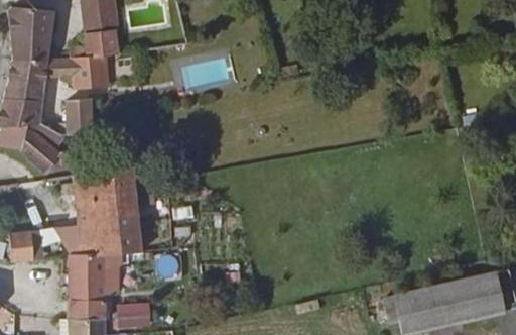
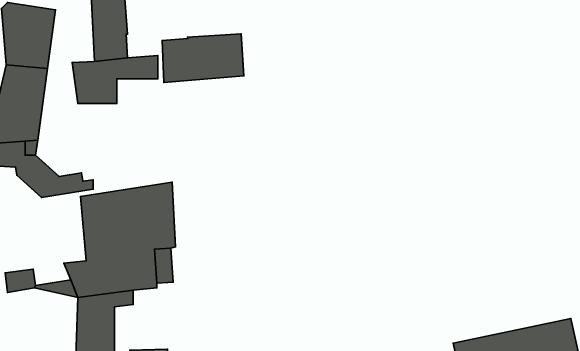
building: none -> [162,34,244,83]
building: [57,103,93,138] -> none

